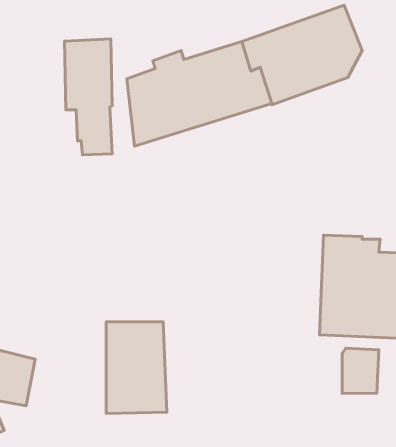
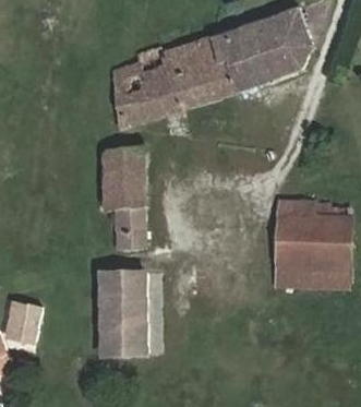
building: [64,39,112,155] -> [105,148,145,247]
building: [342,348,379,393] -> none

